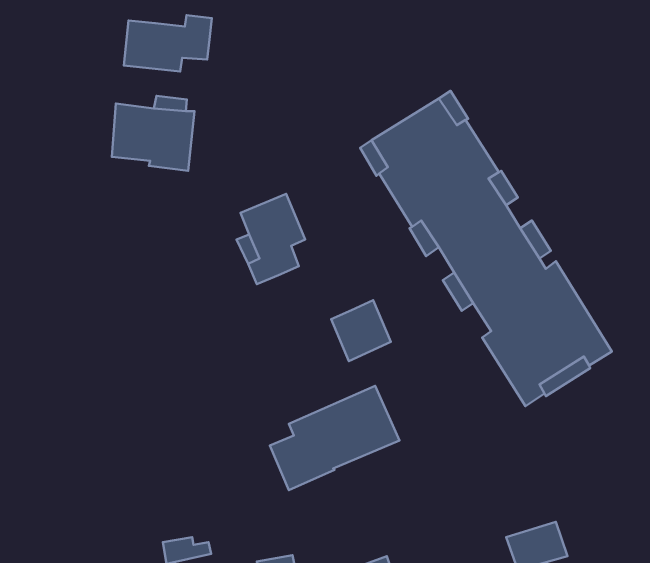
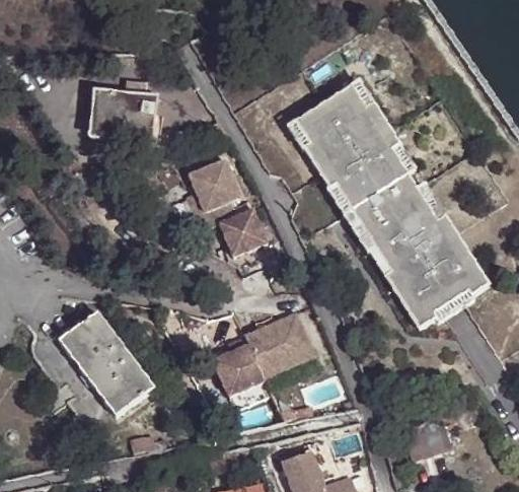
building: [124,15,212,72] -> none
building: [331,300,391,361] -> [222,209,270,258]
building: none -> [57,311,154,417]

